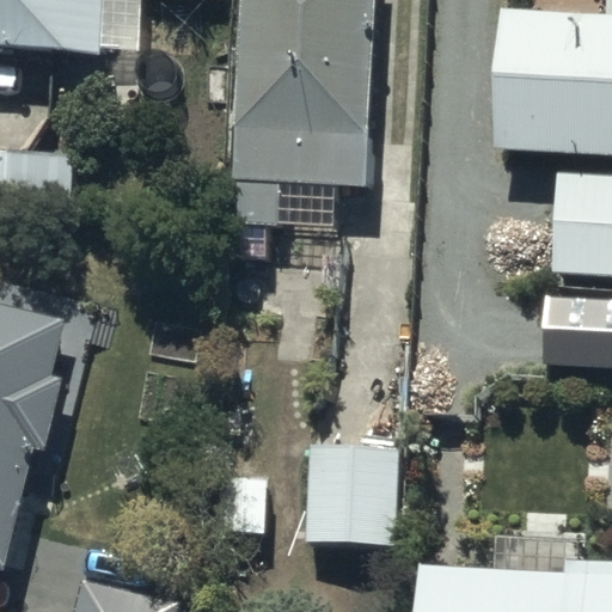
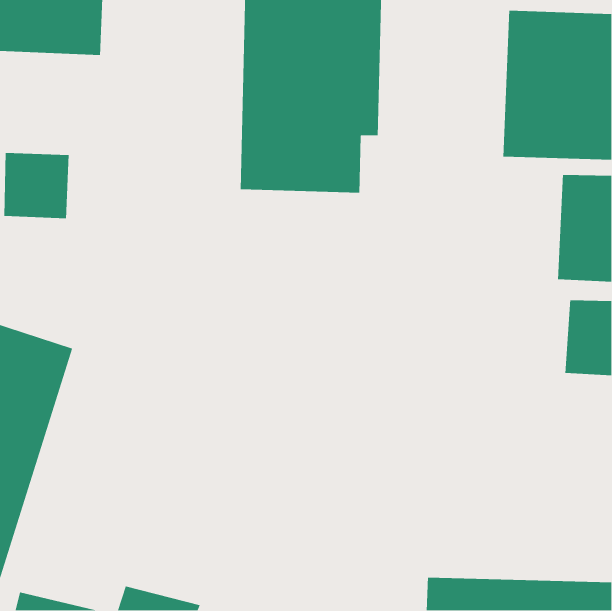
building: [310,439,402,544] -> none

